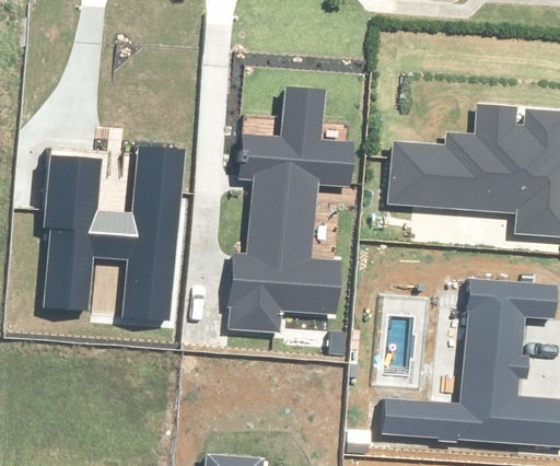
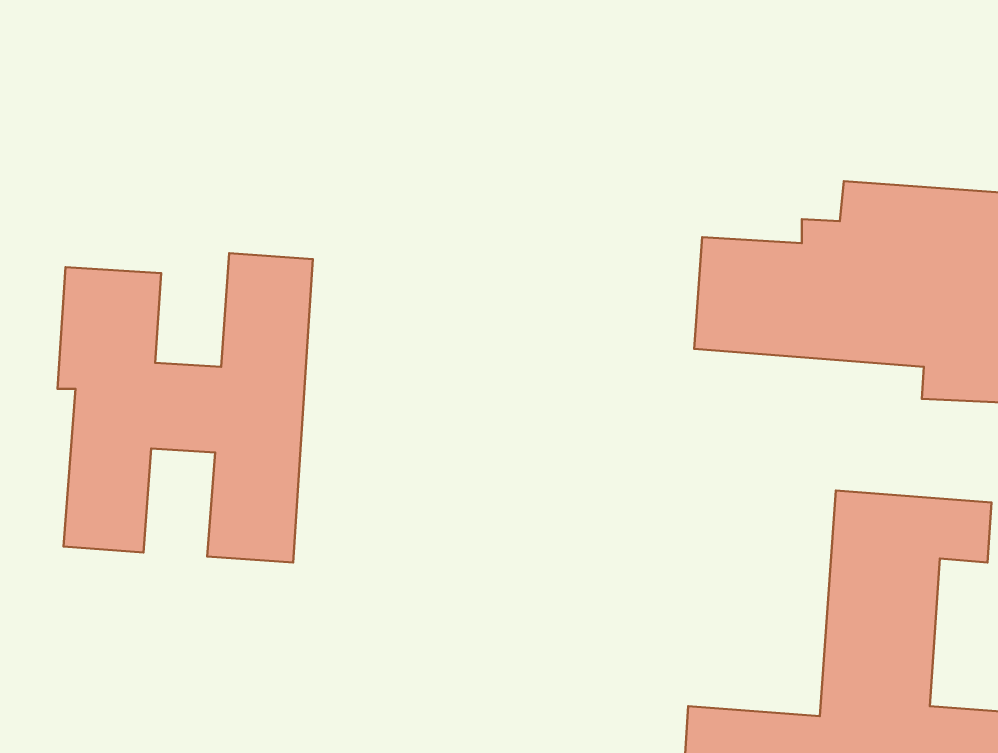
building: [231,91,350,331] -> none

